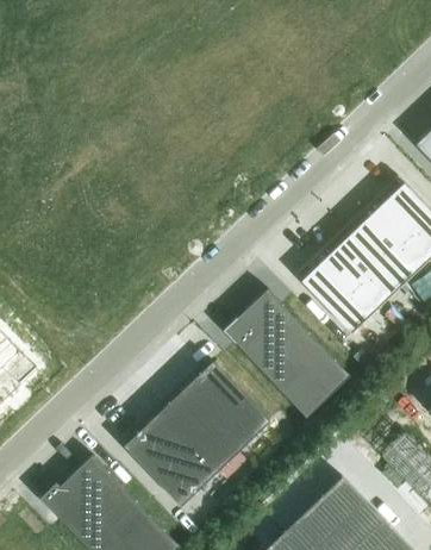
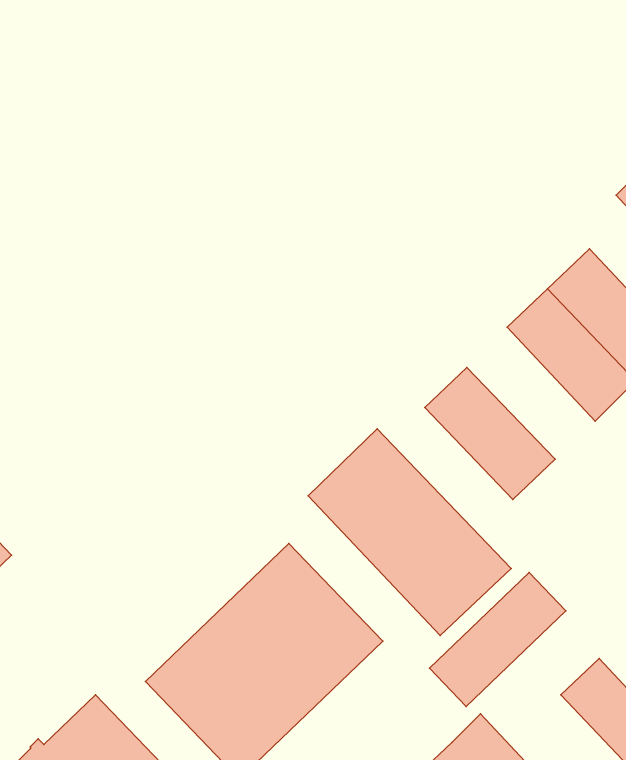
building: [325,229,405,311] -> none
building: none -> [429,573,566,706]

